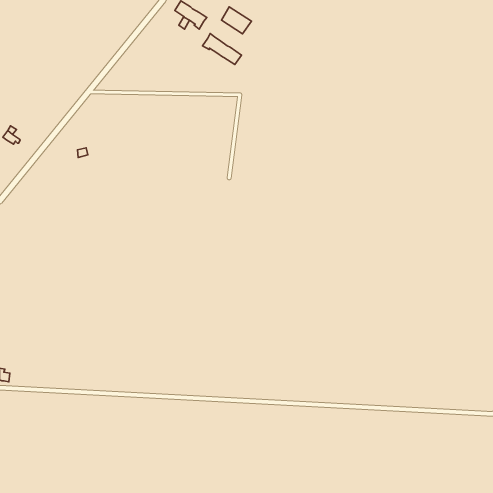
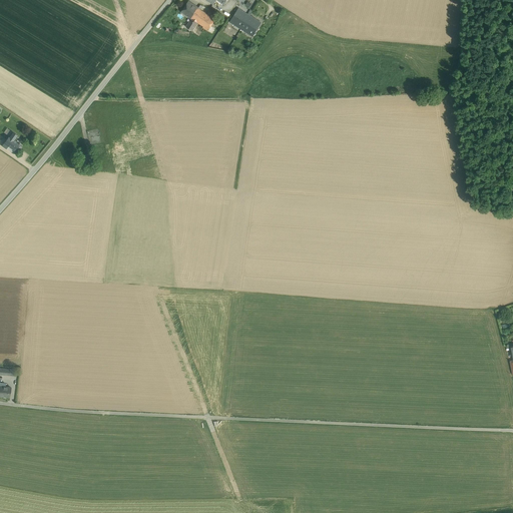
building: [202,34,242,64] -> none

